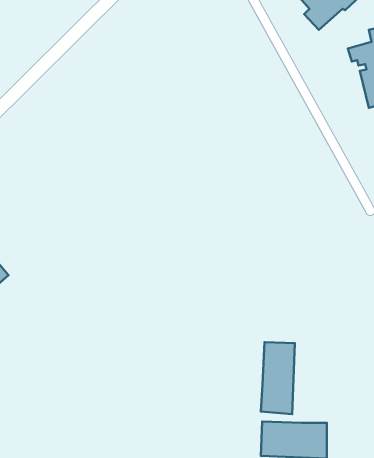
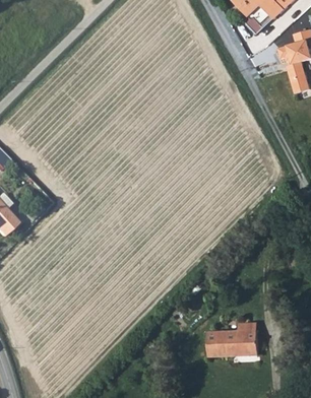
building: [261,342,295,414] -> none

